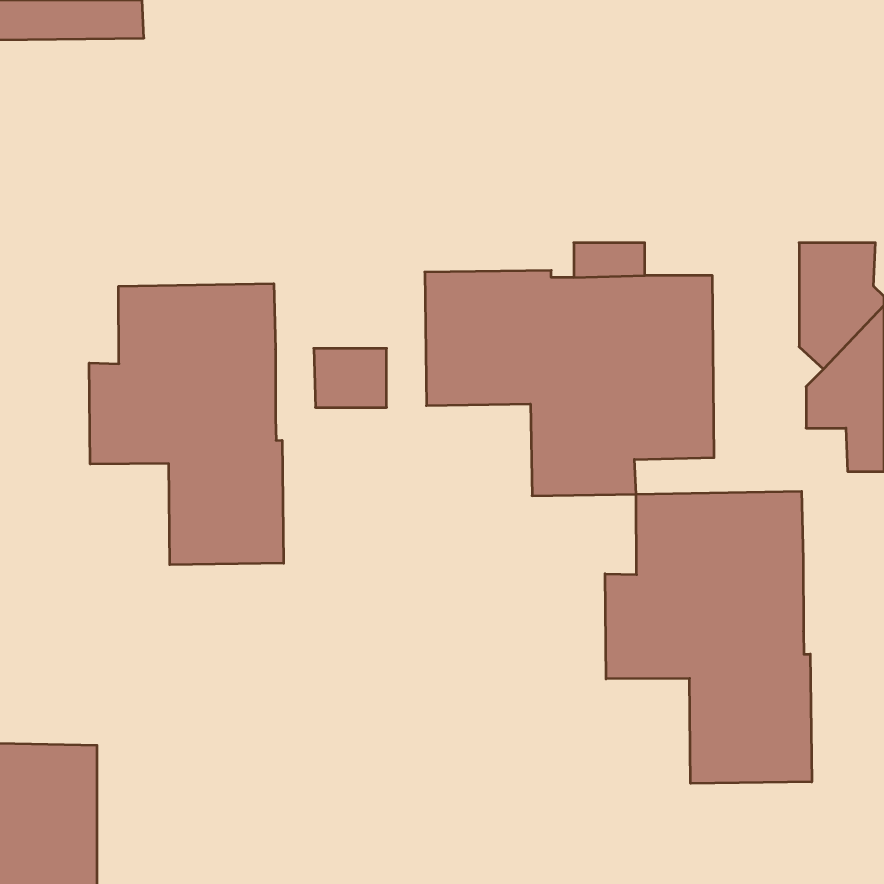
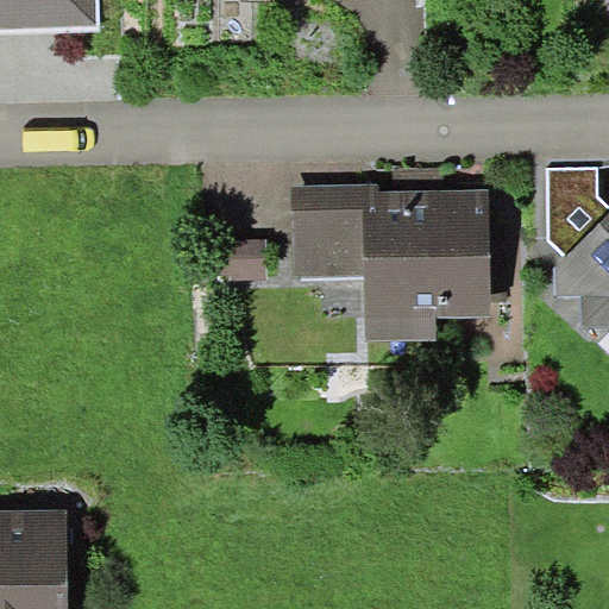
building: [89,284,284,565] -> none
building: [605,491,812,783] -> none

